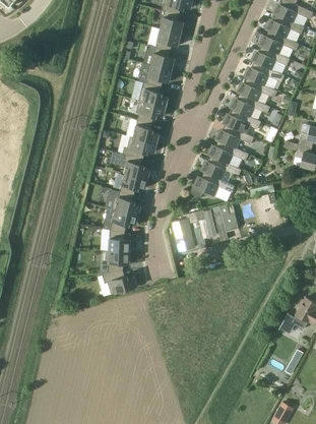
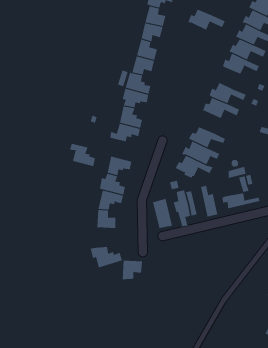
building: [236,78,276,102] -> [188,9,225,31]
building: [214,125,255,148] -> none
building: [120,154,148,179] -> [69,143,96,167]
building: none -> [222,193,260,209]
building: [107,250,129,271] -> [122,260,143,280]

